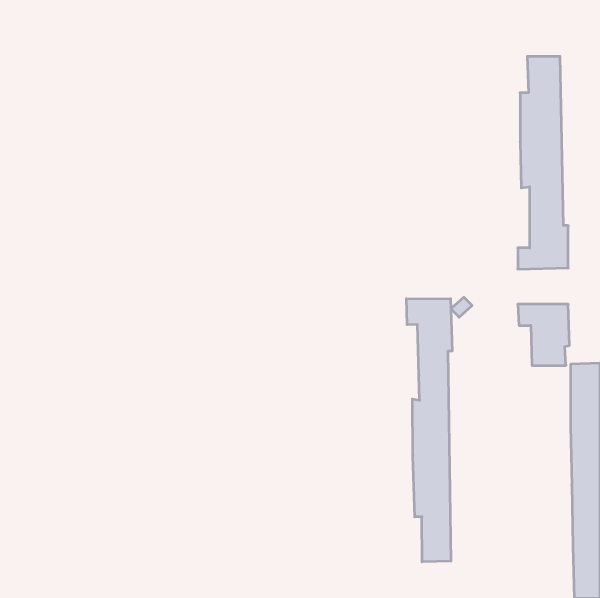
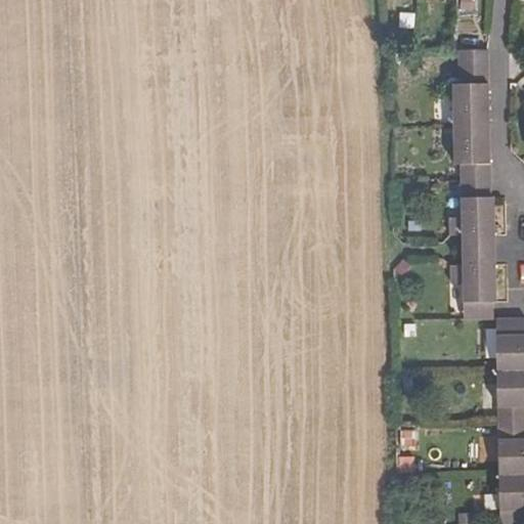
building: none -> [451,233,495,265]
building: [406,299,452,562] -> none

